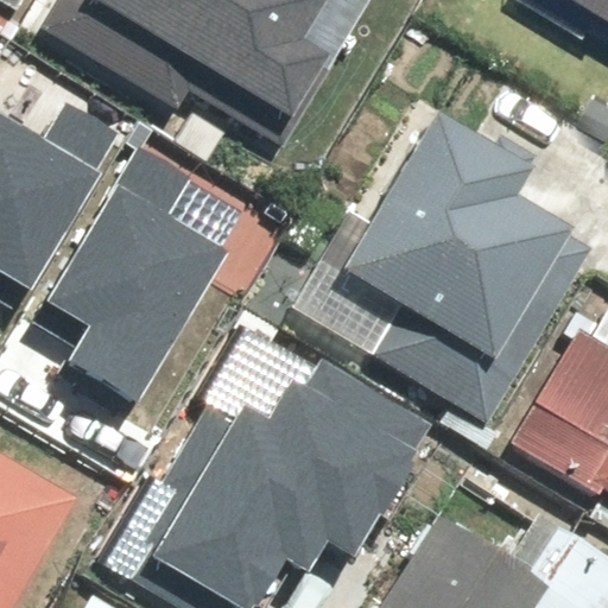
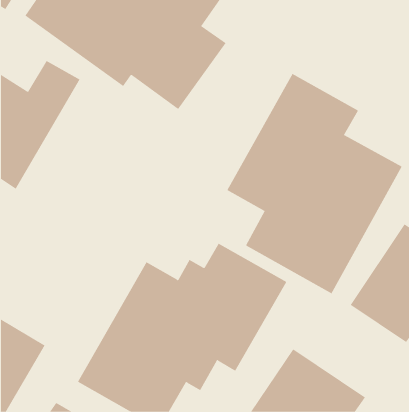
building: [50,132,232,395] -> none

